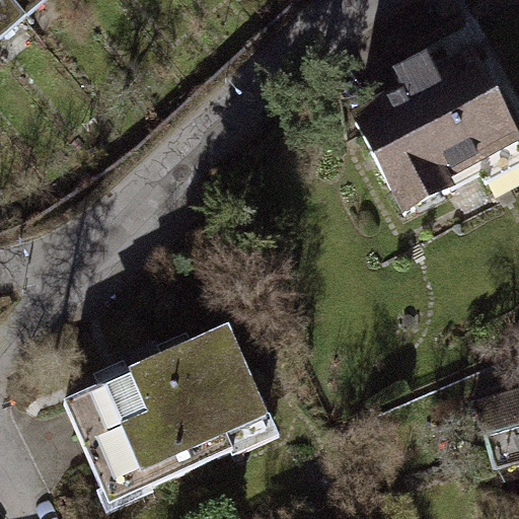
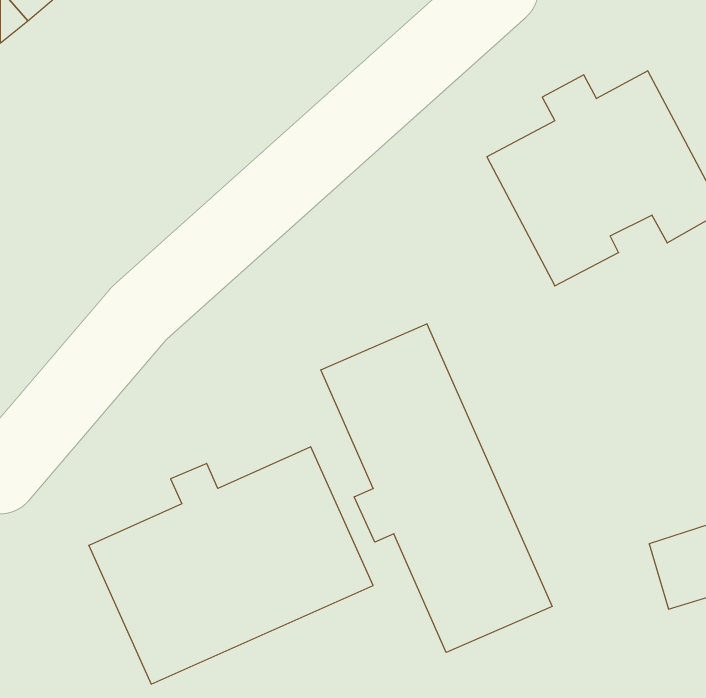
building: none -> [321,324,552,652]

